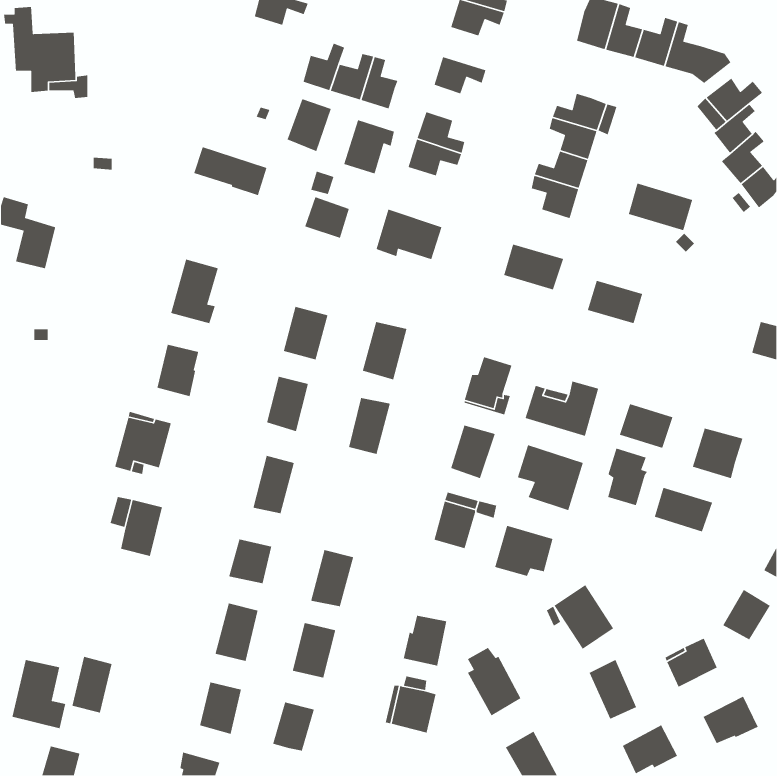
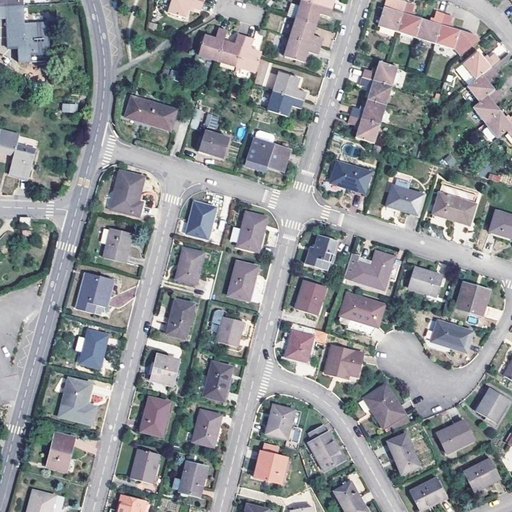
building: none -> [291,18,322,46]
building: [287,98,332,152] -> none
building: [343,119,395,174] -> none
building: [628,183,693,231] -> [438,193,481,225]
building: [607,448,648,506] -> none
building: none -> [216,315,244,346]
building: [12,659,66,729] -> [59,376,95,422]

